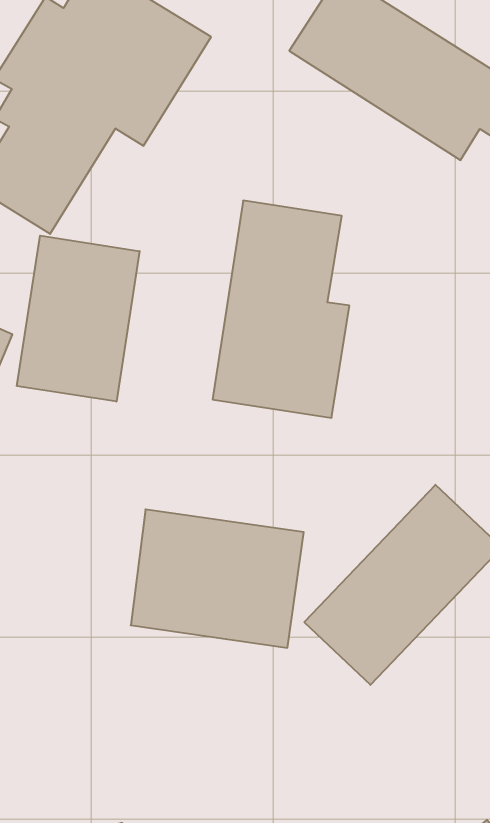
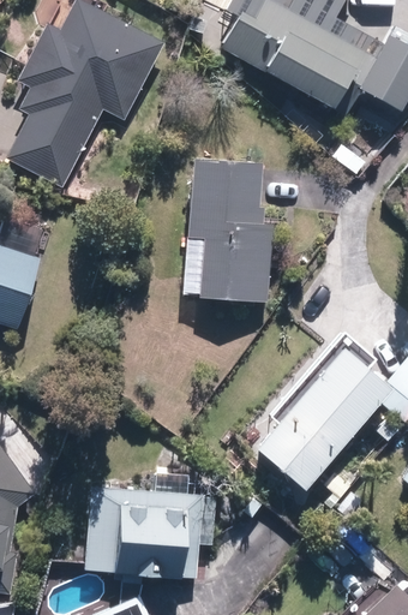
building: [17,236,140,402] -> none
building: [131,509,304,648] -> [86,485,203,575]

